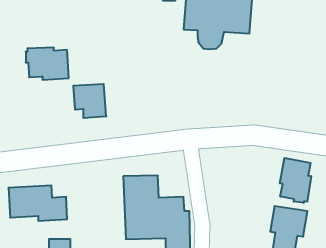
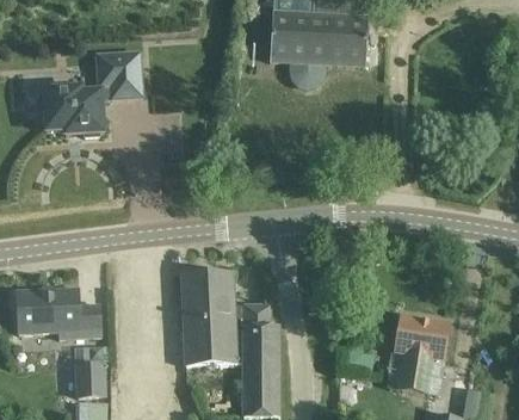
building: [73,84,106,118] -> [93,49,141,98]
building: [280,158,311,203] -> none

